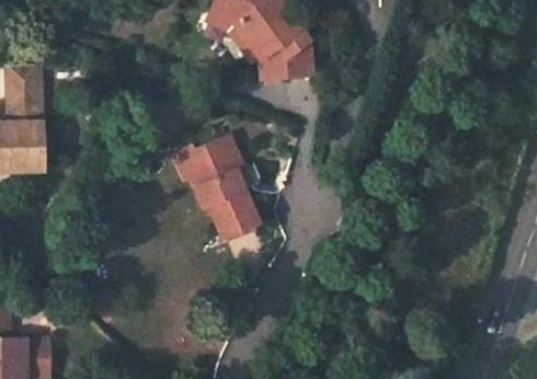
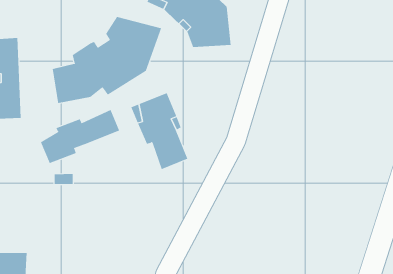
building: none -> [52,16,162,104]
building: none -> [40,109,120,164]

